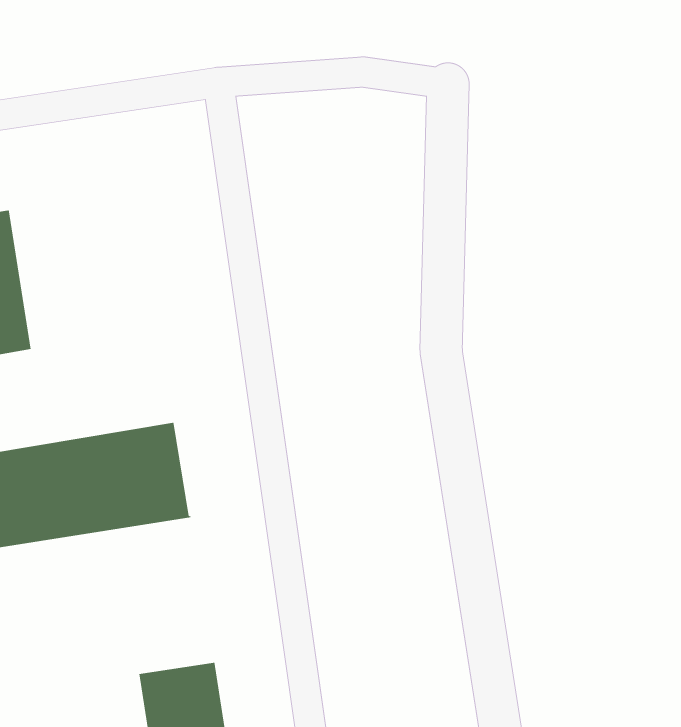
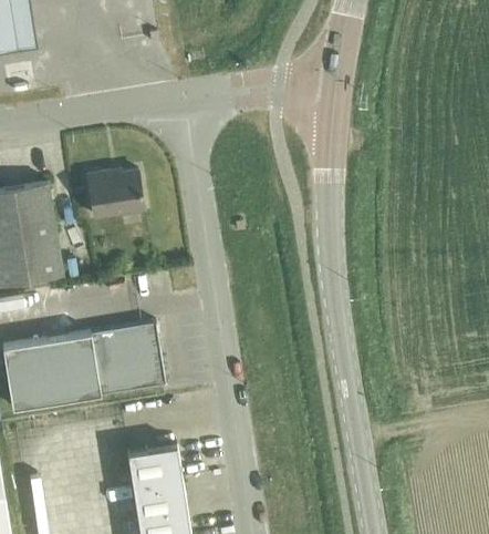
building: none -> [86,172,144,218]
building: none -> [126,445,181,486]

